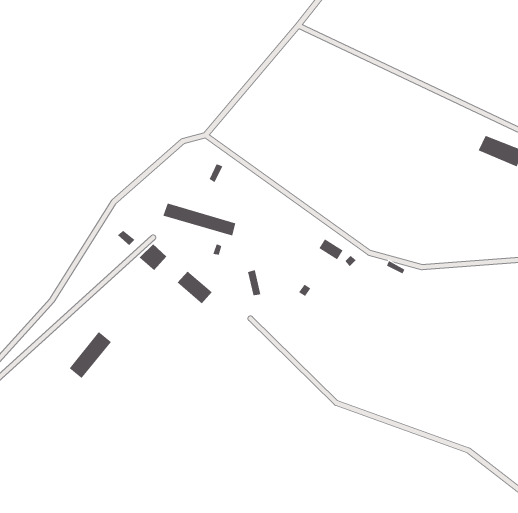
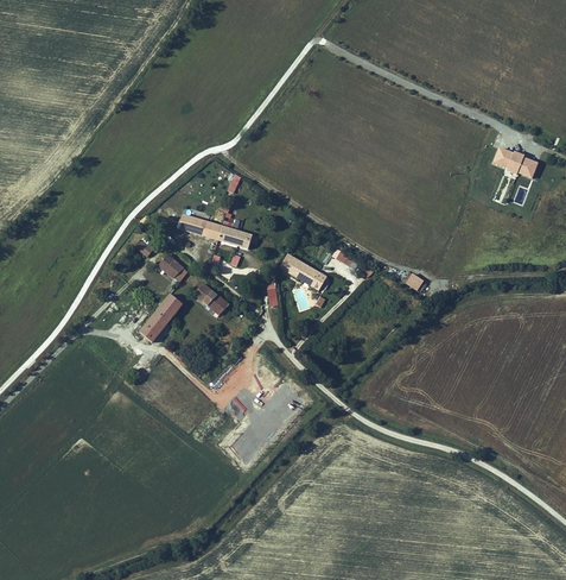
building: none -> [280,253,327,290]
building: [69,331,112,379] -> [141,294,184,341]

